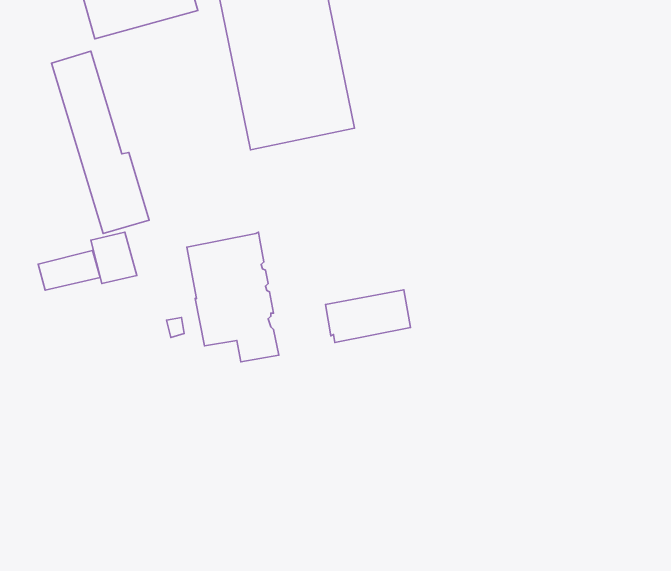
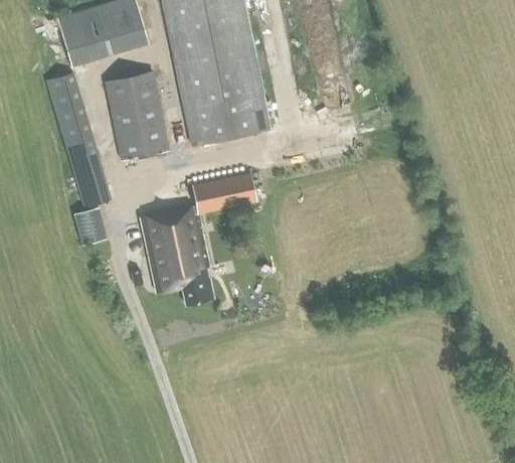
building: none -> [105,71,170,162]
building: [38,251,100,290] -> none
building: [325,290,411,342] -> [192,174,255,213]

